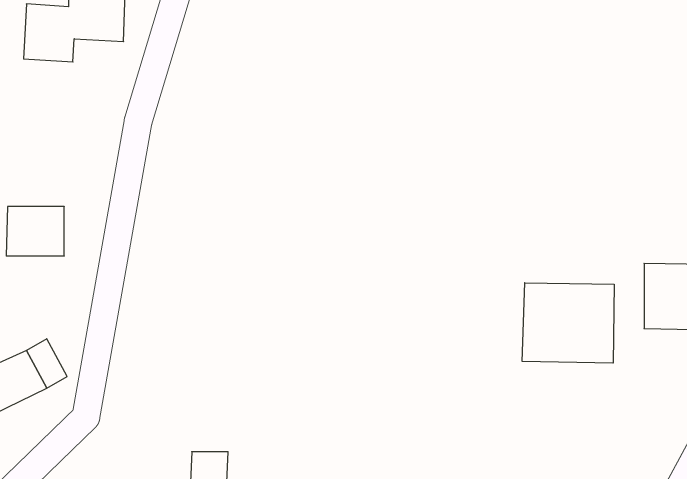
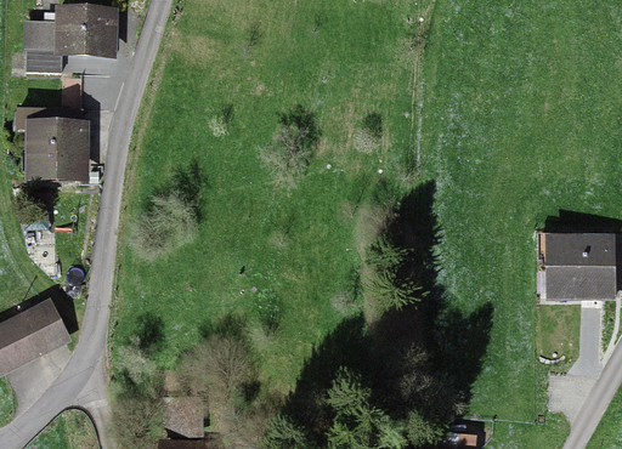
building: [6,207,64,256] -> [30,127,79,169]
building: [522,283,614,363] -> none

